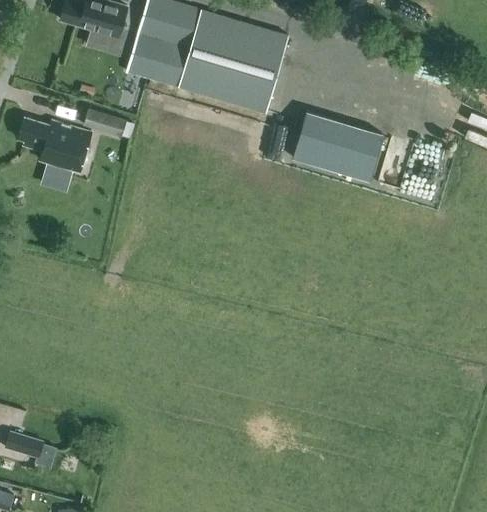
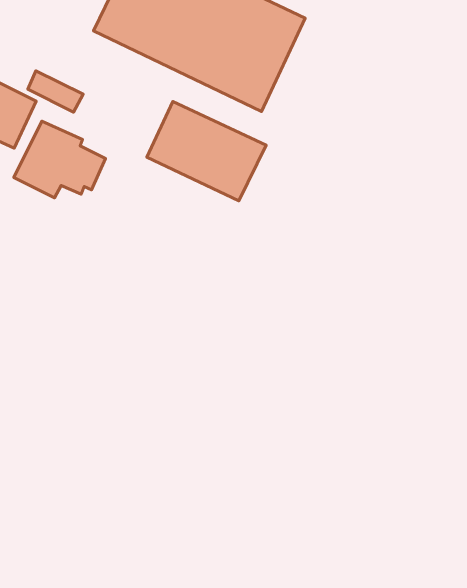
building: [292,113,382,181] -> [147,101,266,201]
building: none -> [14,121,106,198]

